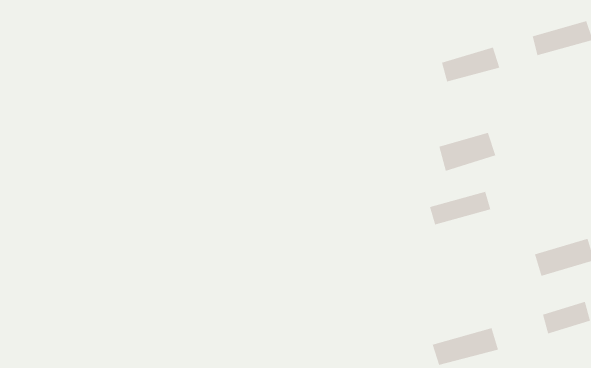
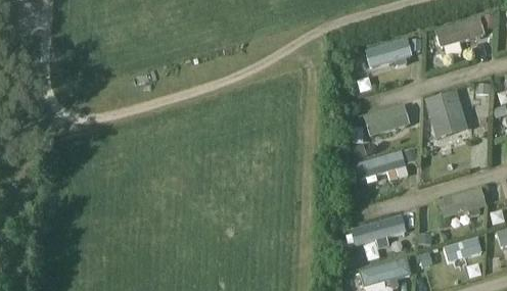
building: none -> [425,90,467,137]
building: none -> [349,215,405,247]

